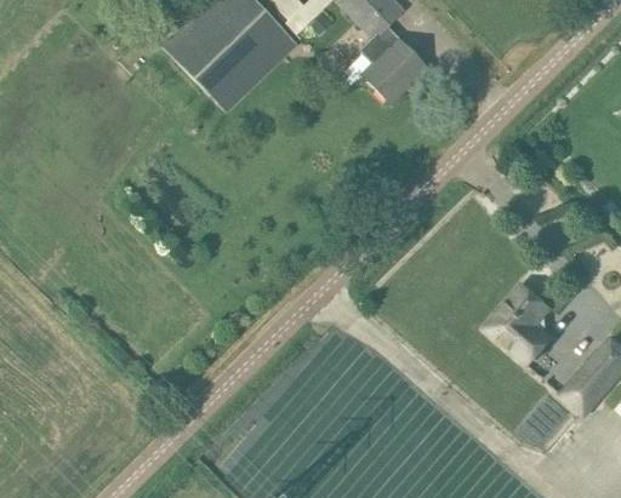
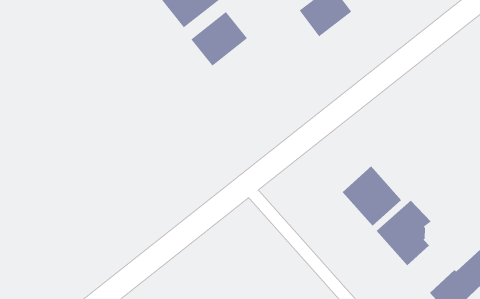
building: none -> [191,11,248,66]
building: none -> [342,166,402,227]

